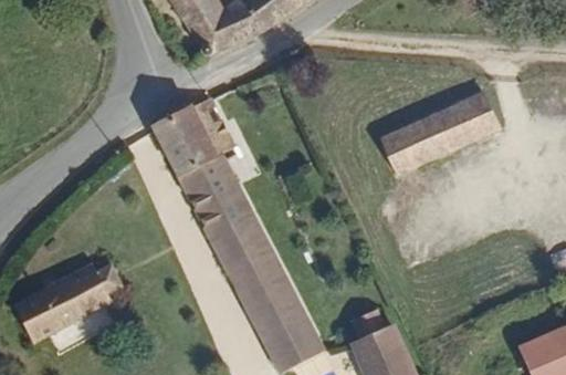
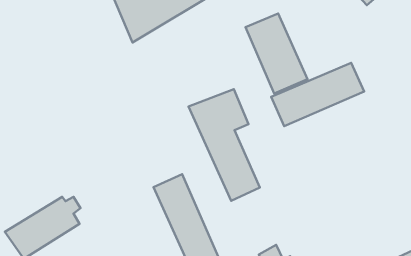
building: none -> [246,14,308,93]
building: [168,107,259,249] -> [188,89,260,201]

